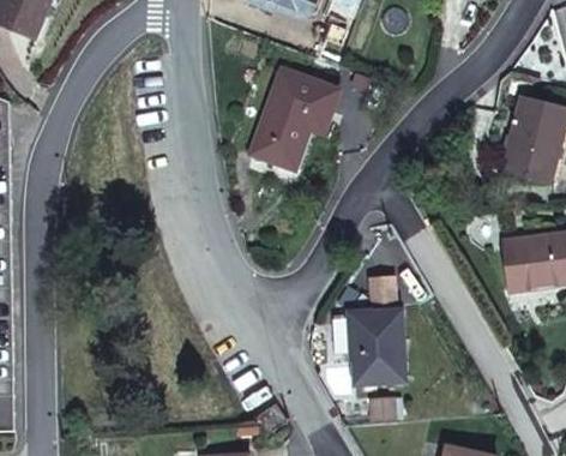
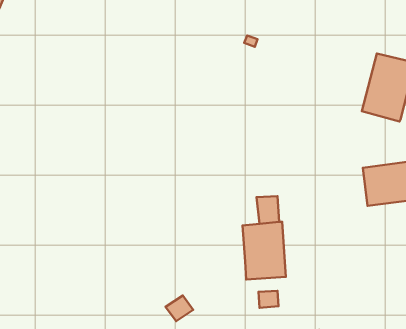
building: [252,70,337,167] -> none

